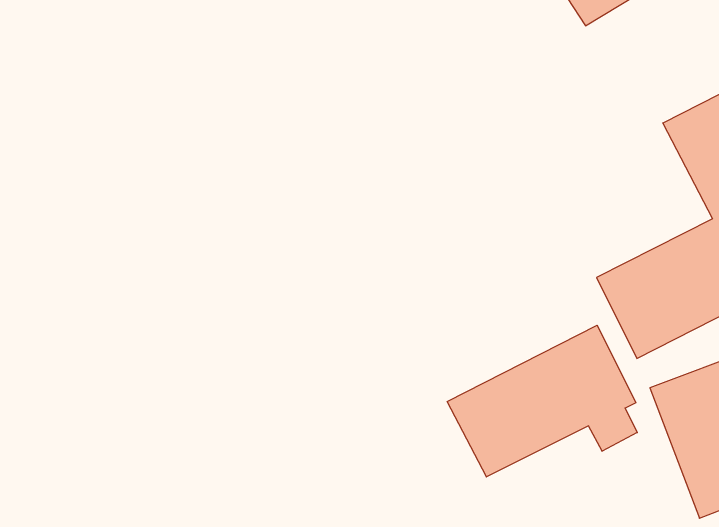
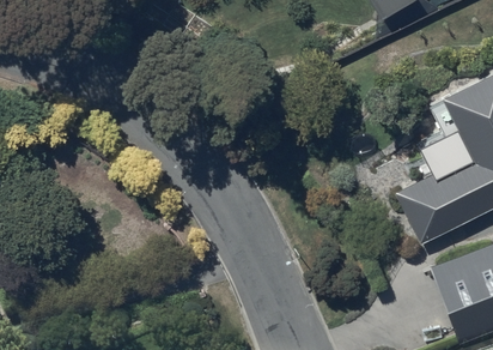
building: [447,325,637,477] -> none

